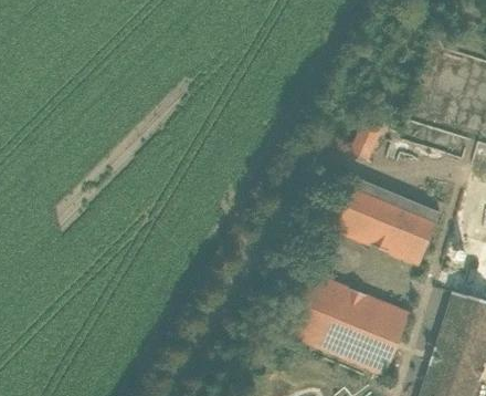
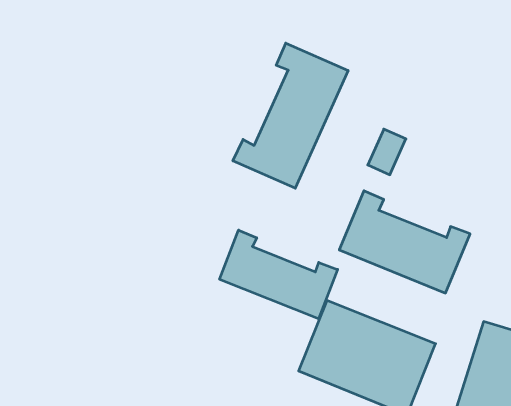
building: none -> [233,43,348,188]
building: none -> [220,230,338,319]

